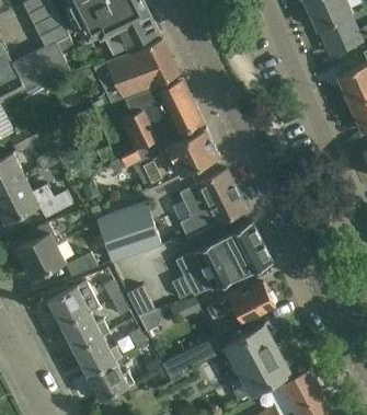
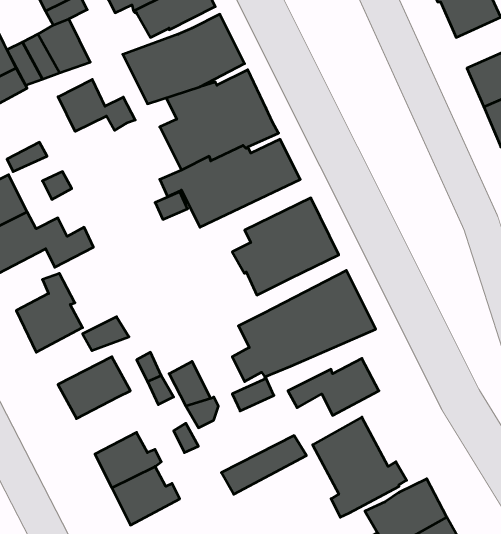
building: none -> [58,79,135,131]
building: [98,205,161,263] -> none
building: [60,311,108,351] -> none

